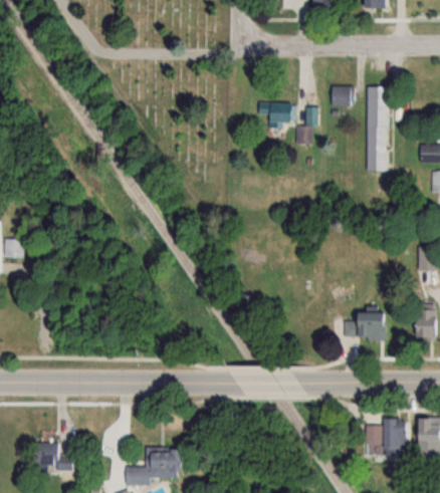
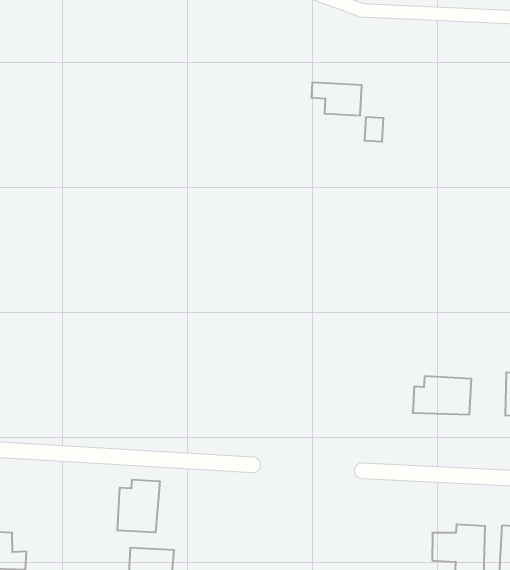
building: [332,86,353,106] -> none
building: [368,86,388,171] -> none
building: none -> [117,480,160,533]

